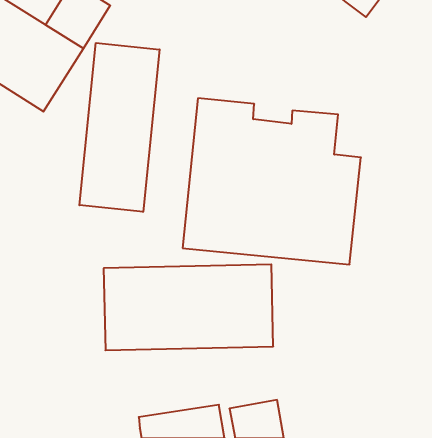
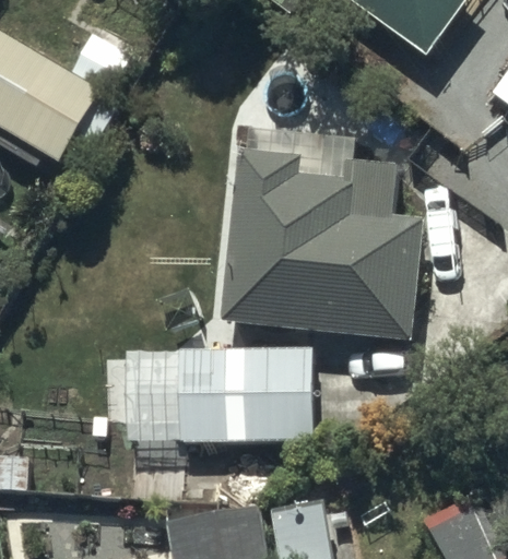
building: [79,43,160,212] -> none

